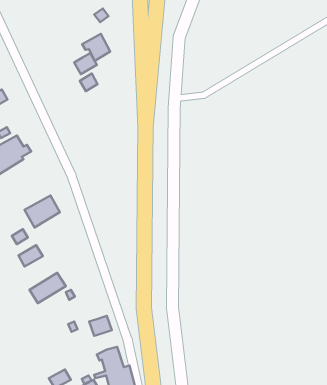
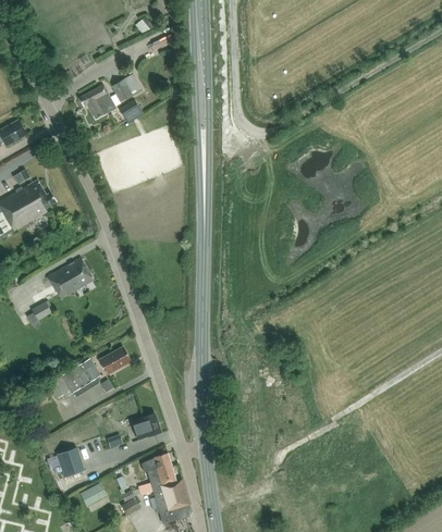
building: [82,34,110,61] -> [78,85,114,120]
building: [18,245,43,266] -> [99,347,131,374]
building: none -> [56,447,84,478]

